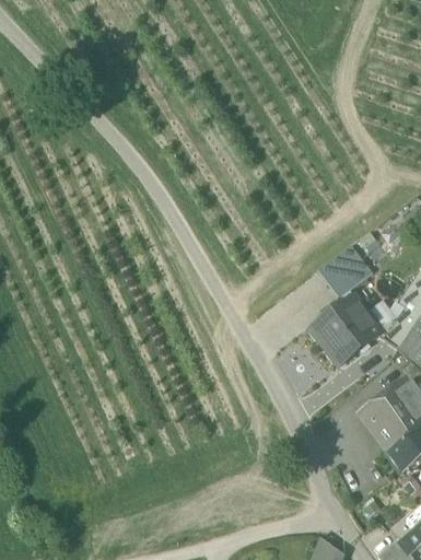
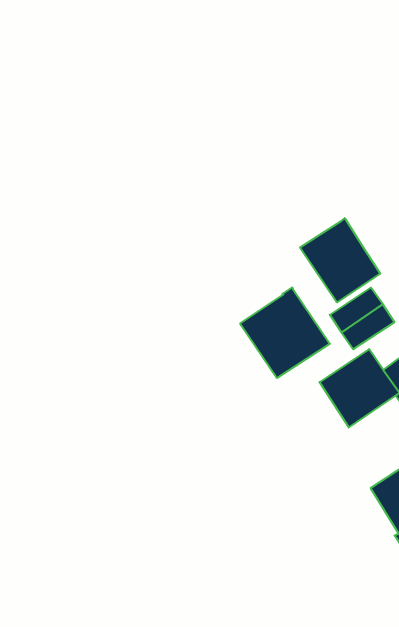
building: none -> [300,218,380,302]
building: none -> [240,287,330,378]

